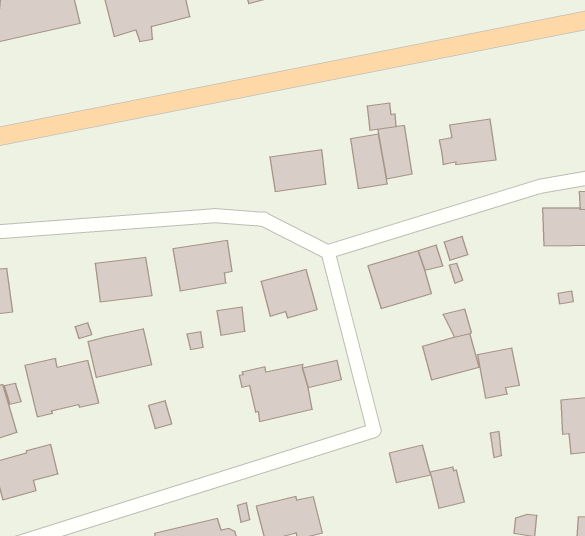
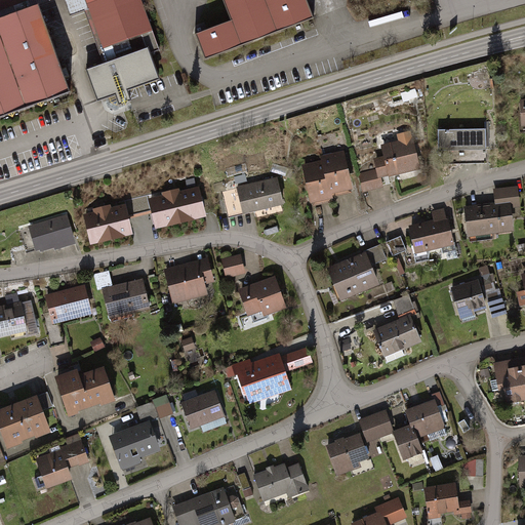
building: [367,103,396,130] -> [357,168,382,192]
building: none -> [437,128,485,163]
building: none -> [148,186,205,229]
building: none -> [82,203,132,244]
building: none -> [27,211,76,250]
building: none -> [407,208,453,254]
building: none -> [44,283,91,322]
building: [217,307,245,335] -> [219,252,244,277]
building: [88,329,151,378] -> none
building: [477,348,519,398] -> [450,277,487,320]
building: none -> [179,390,224,429]
building: none -> [109,421,158,468]
building: none -> [404,399,445,438]
building: none -> [325,433,370,475]

